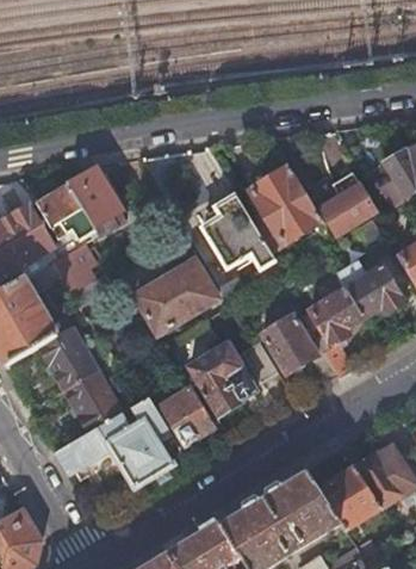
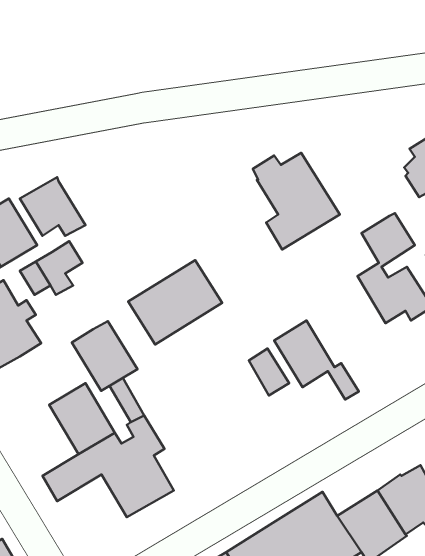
building: [318,172,377,236] -> none
building: [72,174,125,234] -> none
building: [201,193,275,268] -> none
building: [309,274,362,377] -> none
building: [37,327,95,389] -> [72,321,137,391]
building: [190,344,256,415] -> none
building: [160,388,213,444] -> none

